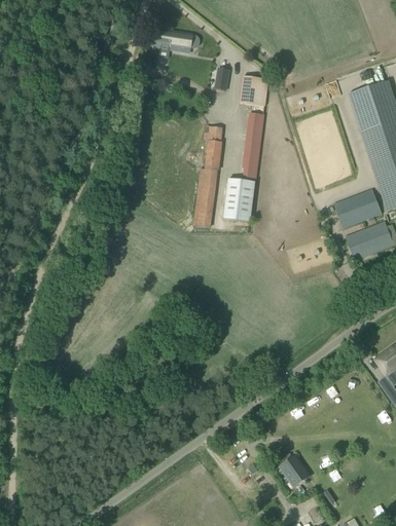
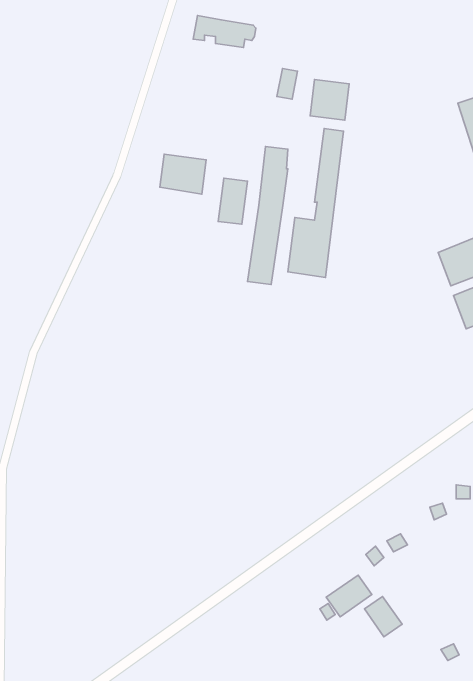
building: none -> [160,154,206,194]
building: none -> [218,178,247,224]
building: none -> [326,575,372,617]

